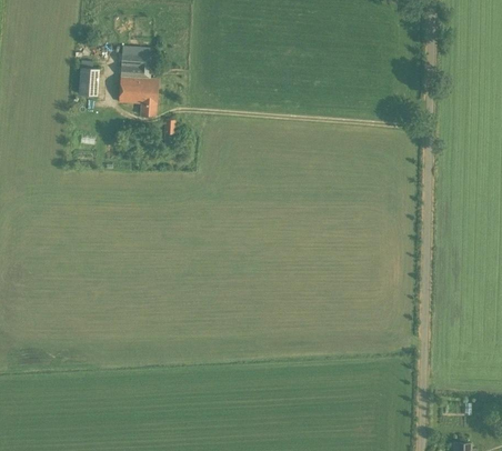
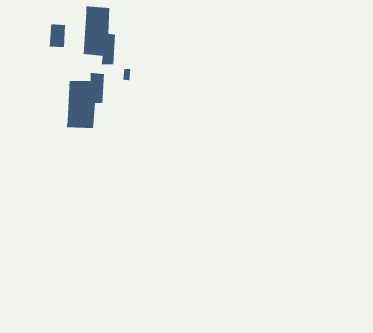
building: none -> [66,72,105,129]

